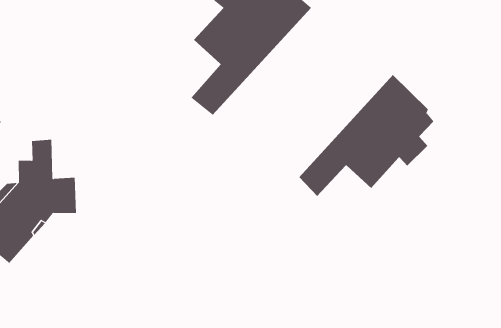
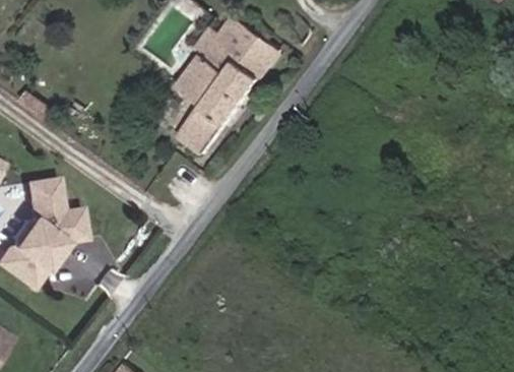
building: [298,74,434,197] -> none

